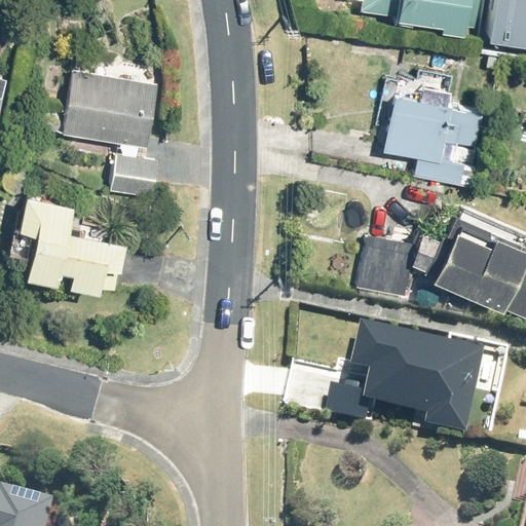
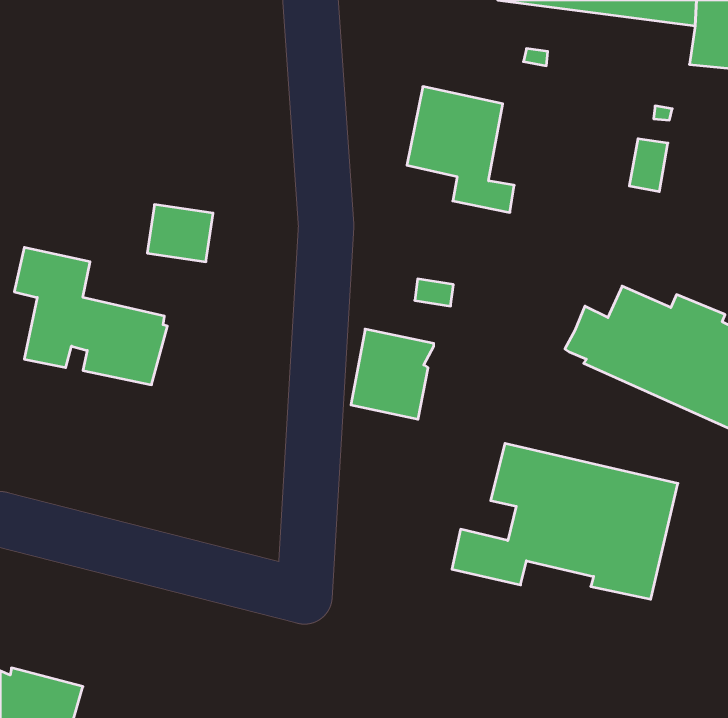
building: [61,69,153,145] -> none
building: [380,90,457,181] -> [407,87,514,212]
building: [355,234,415,299] -> [351,329,434,419]

